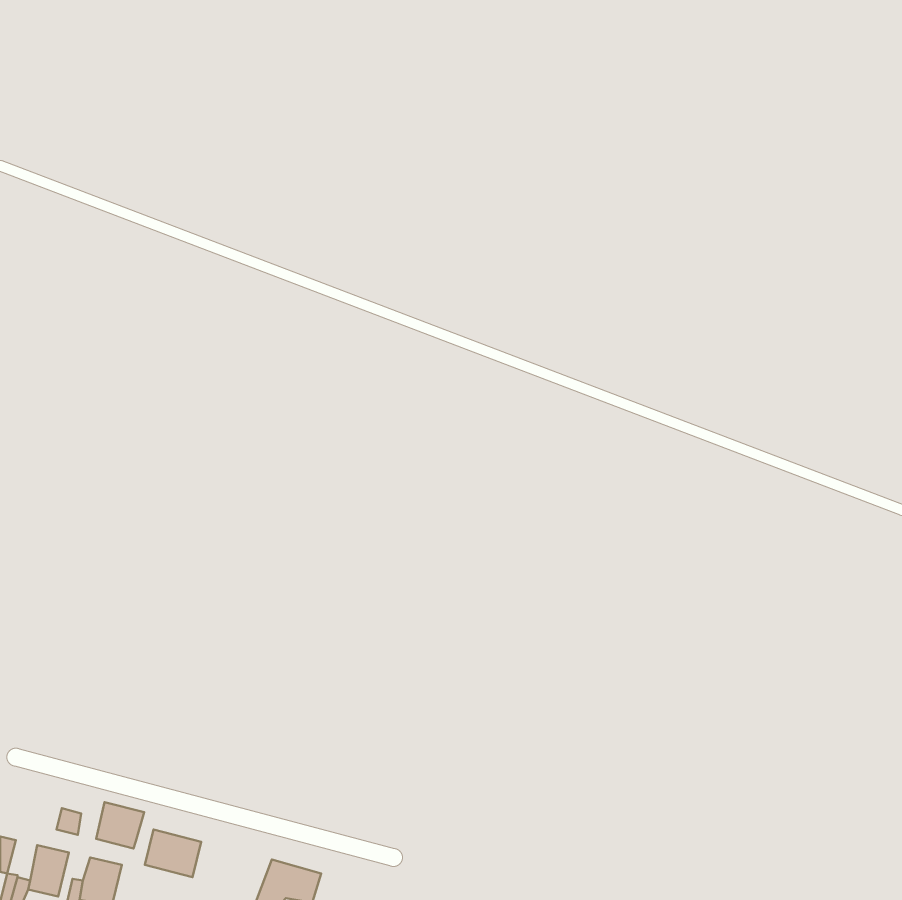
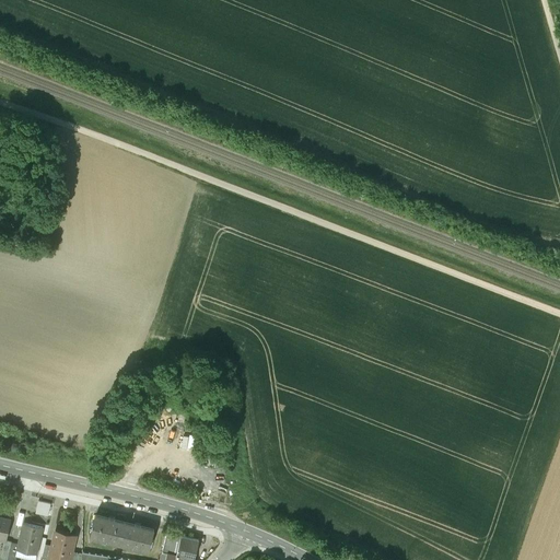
building: [96,802,144,848] -> none
building: none -> [119,523,154,552]

